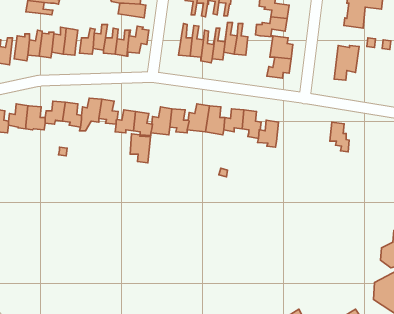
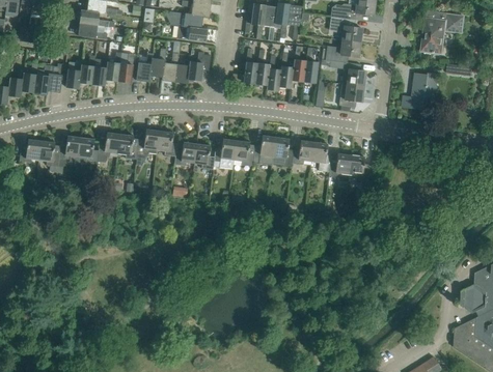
building: [330,122,349,152] -> [349,154,369,187]
building: [130,134,150,163] -> none

